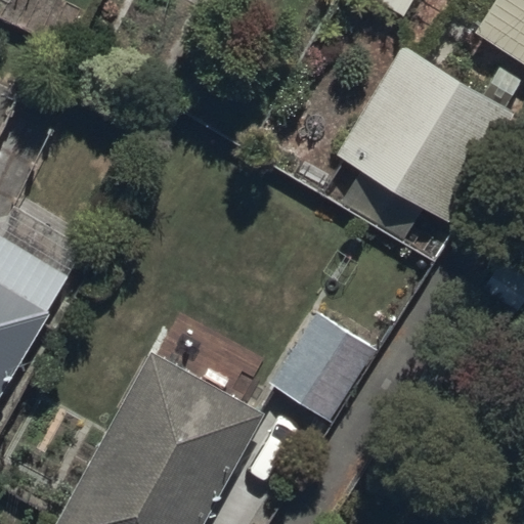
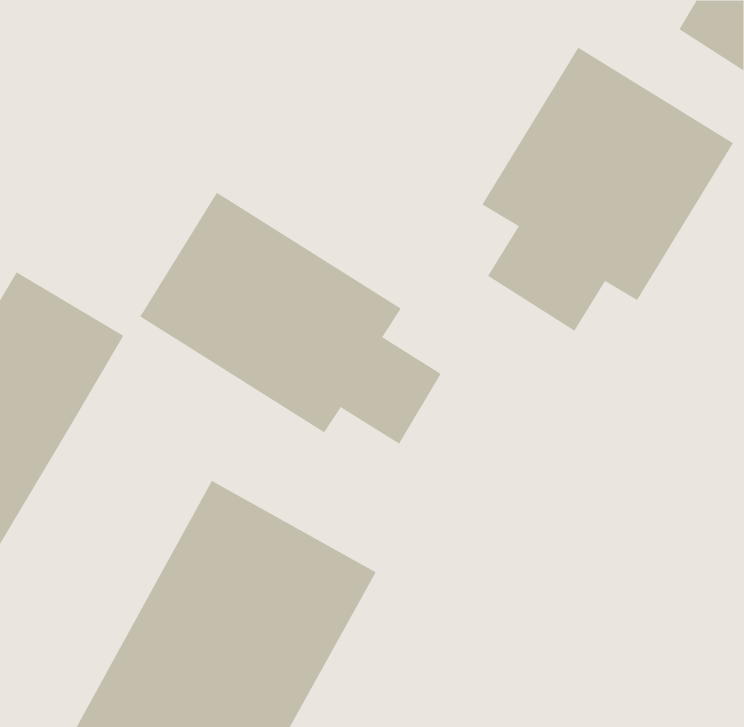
building: none -> [139,192,442,445]
building: [270,314,377,424] -> none

